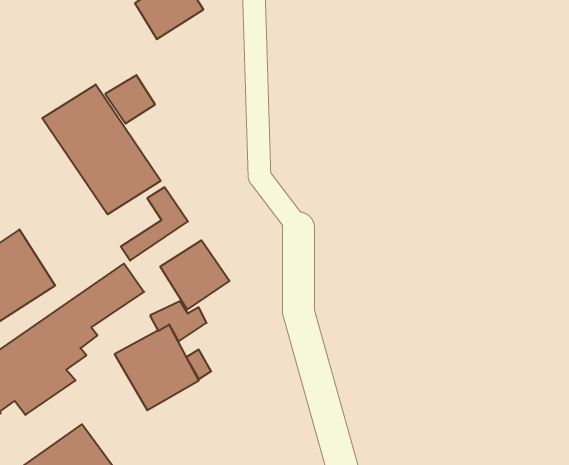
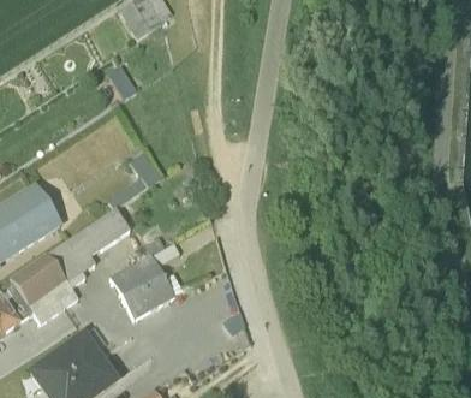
building: [42,84,161,214] -> none
building: [160,240,230,309] -> none

